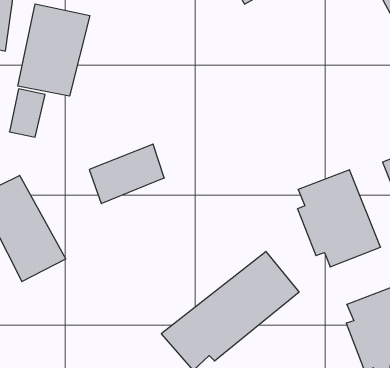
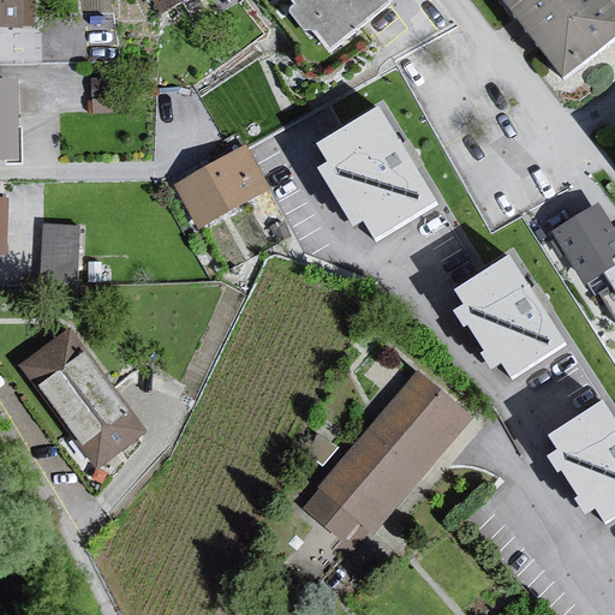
building: [18,4,90,96] -> none
building: none -> [315,98,440,235]
building: [89,144,164,204] -> [174,138,277,231]

